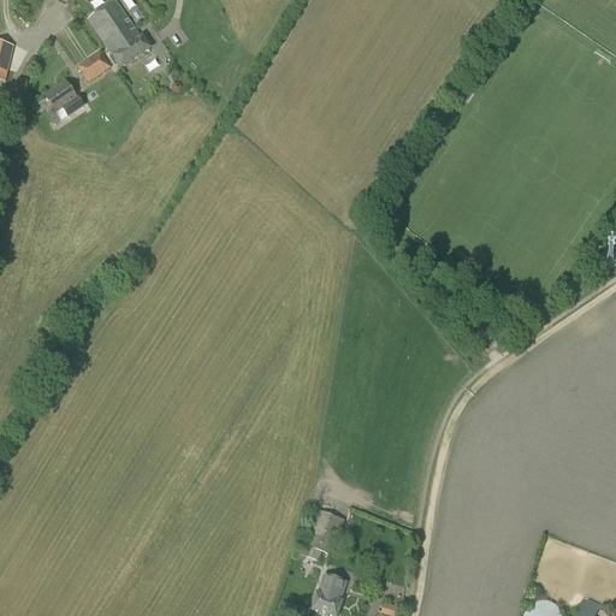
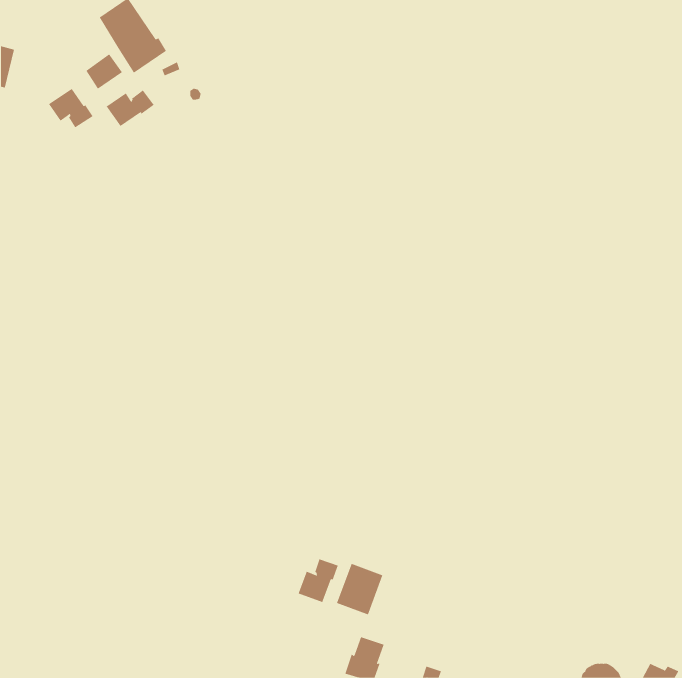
building: none -> [106,89,155,127]
building: none -> [298,559,339,603]

